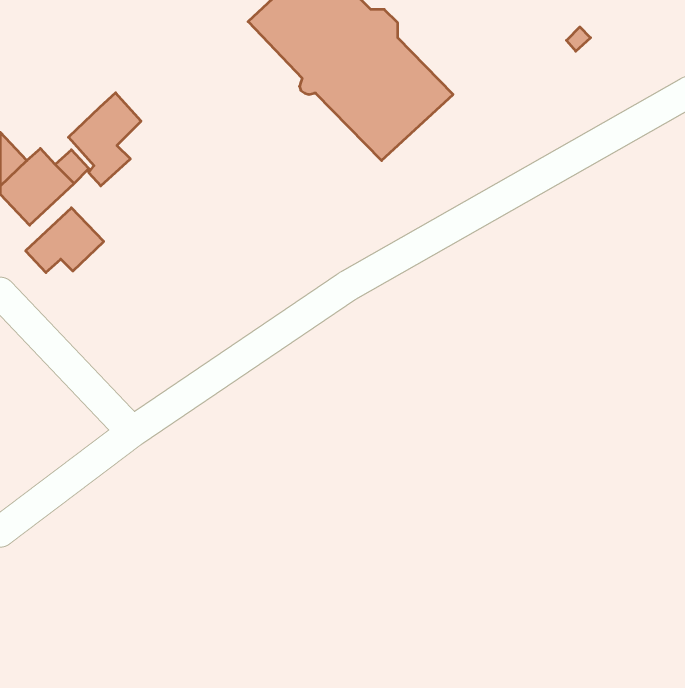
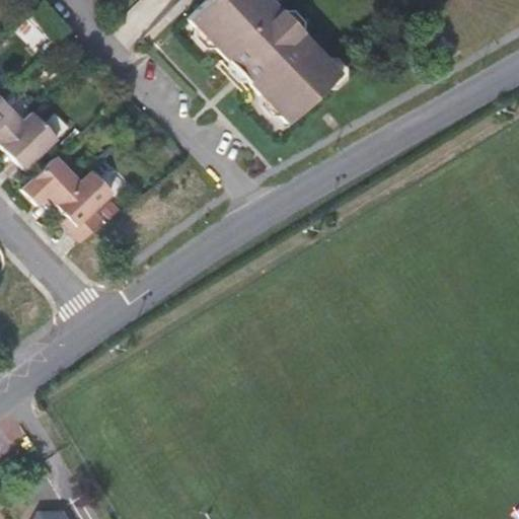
building: [68,93,141,186] -> [58,170,113,240]

